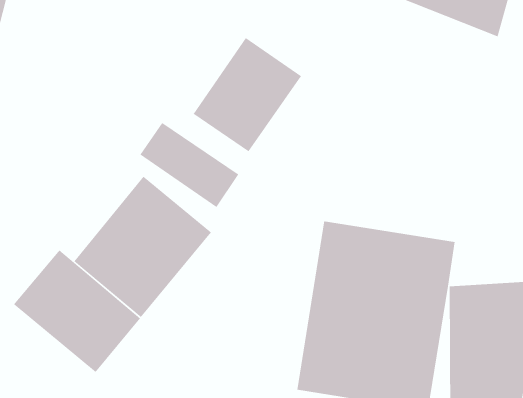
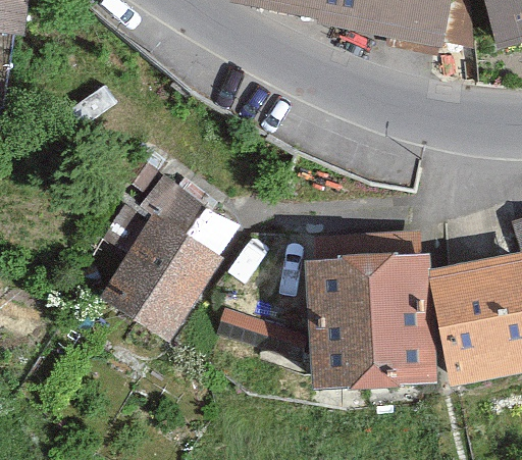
building: [193,37,302,152] -> none
building: [13,249,141,373] -> none

